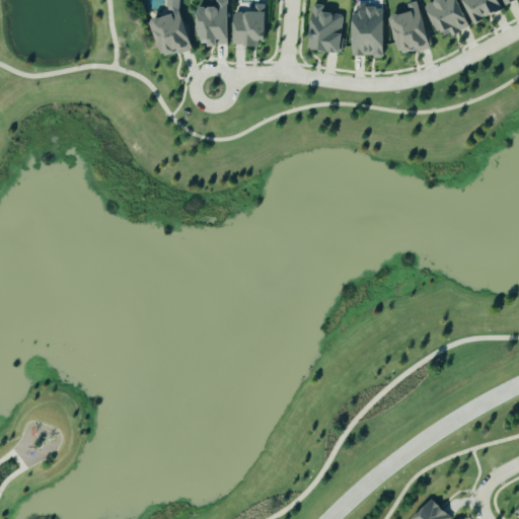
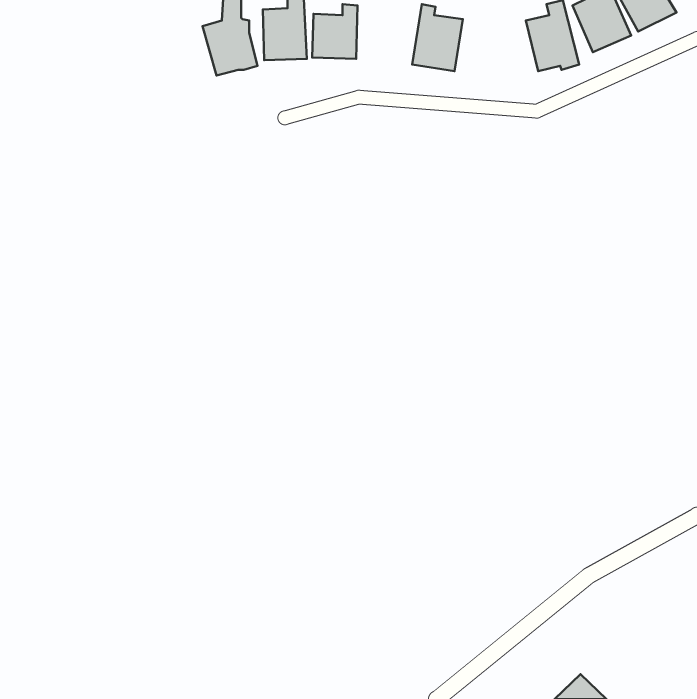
building: [352,6,382,56] -> none

